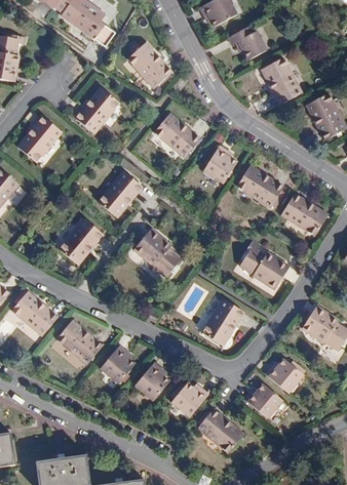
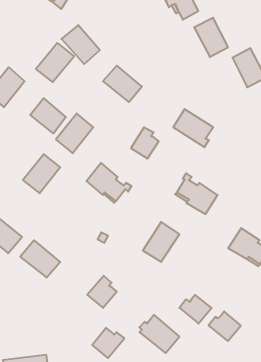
building: [126,42,171,88] -> [61,25,100,64]
building: [203,146,236,183] -> [131,127,159,159]
building: none -> [30,98,66,133]
building: [280,194,327,236] -> none
building: [101,346,134,382] -> none
building: [265,359,303,394] -> [209,311,241,341]
building: [170,381,208,417] -> [92,328,124,358]

